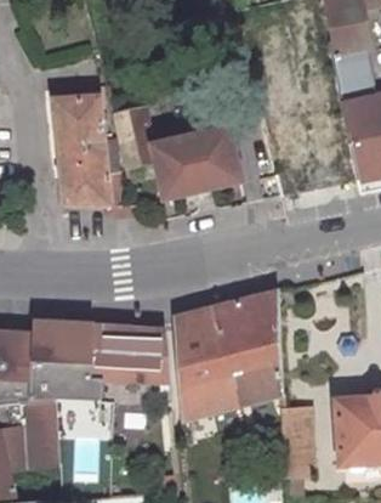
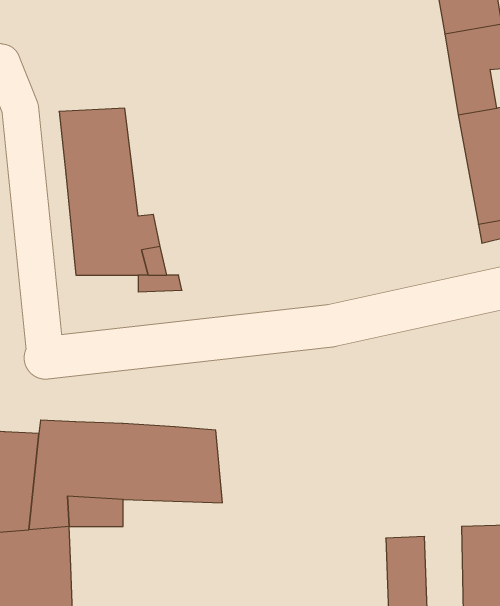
building: [115,114,245,207] -> none
building: [176,283,285,412] -> none

